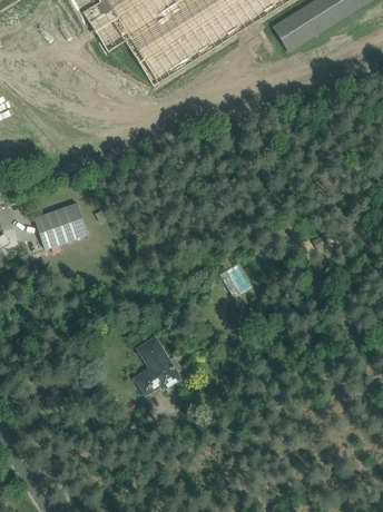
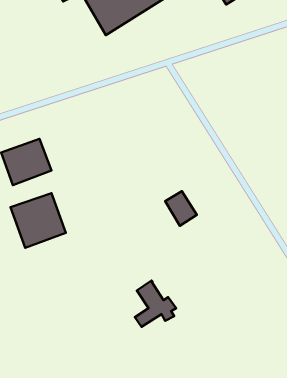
building: none -> [10,193,66,248]
building: [135,335,181,387] -> [135,280,176,327]

